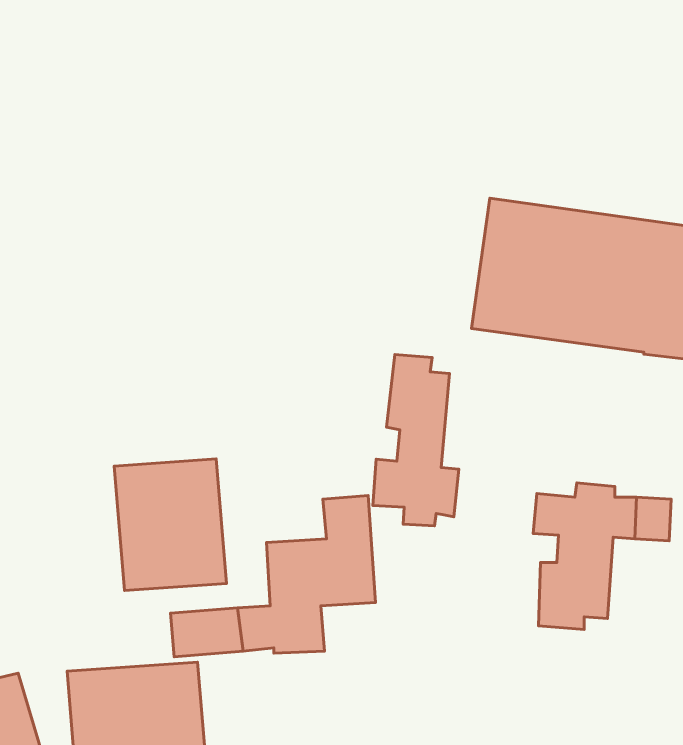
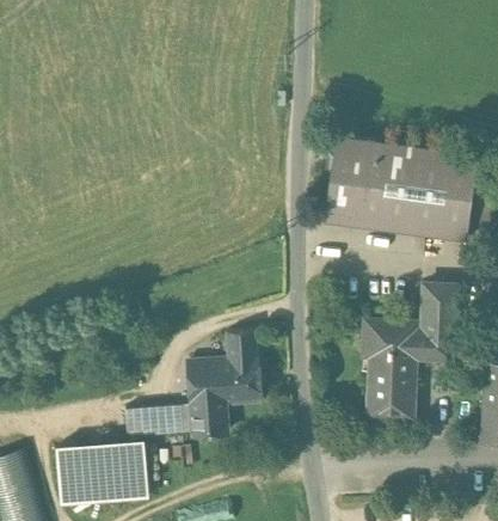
building: [373,355,459,526] -> none
building: none -> [422,288,456,333]
building: [114,459,226,591] -> none

